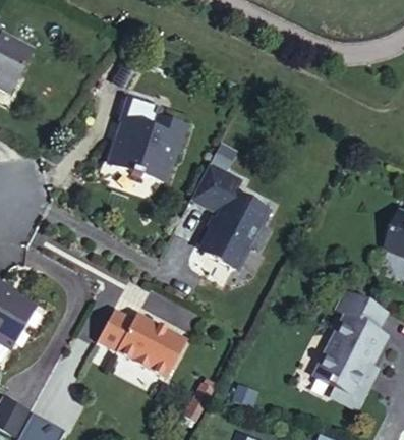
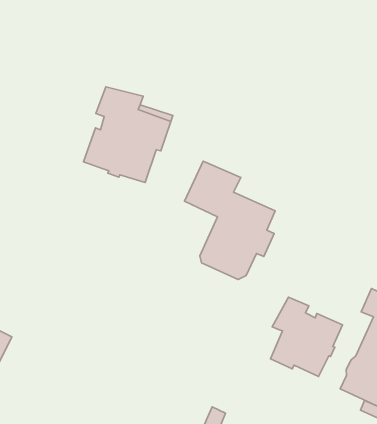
building: none -> [270,297,342,377]
building: [95,306,185,380] -> none

